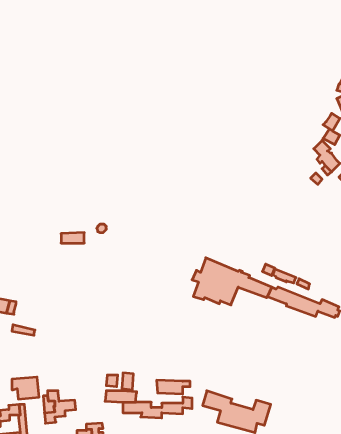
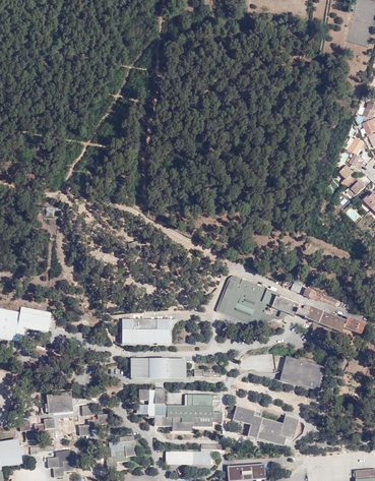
building: none -> [122,318,169,343]
building: none -> [130,358,186,378]
building: none -> [286,358,323,385]
building: none -> [167,407,212,421]

